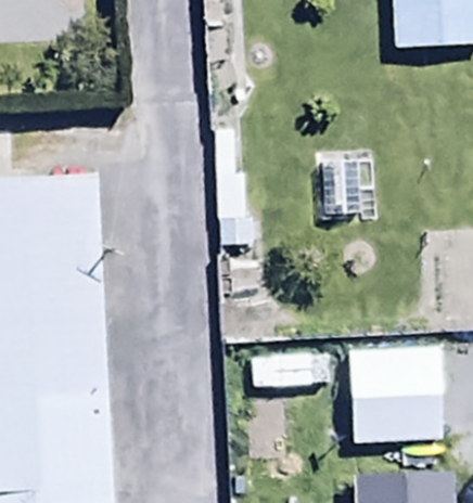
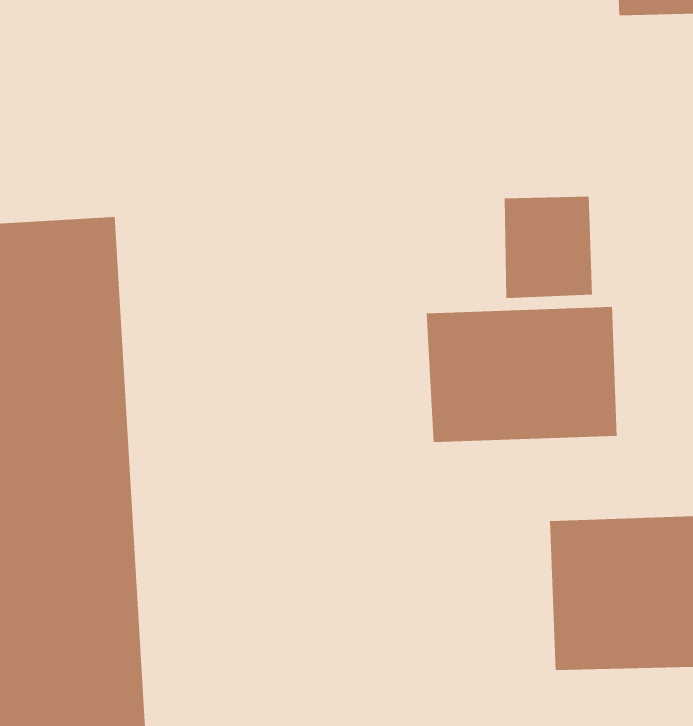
building: none -> [426,306,617,443]

